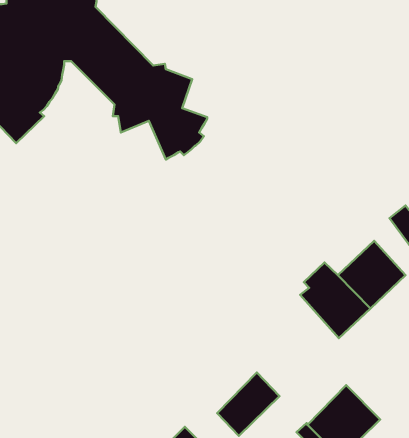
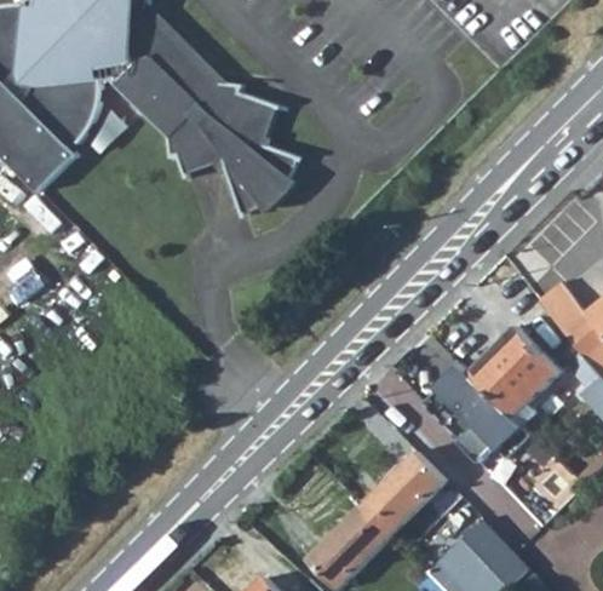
building: none -> [363,447,448,533]

